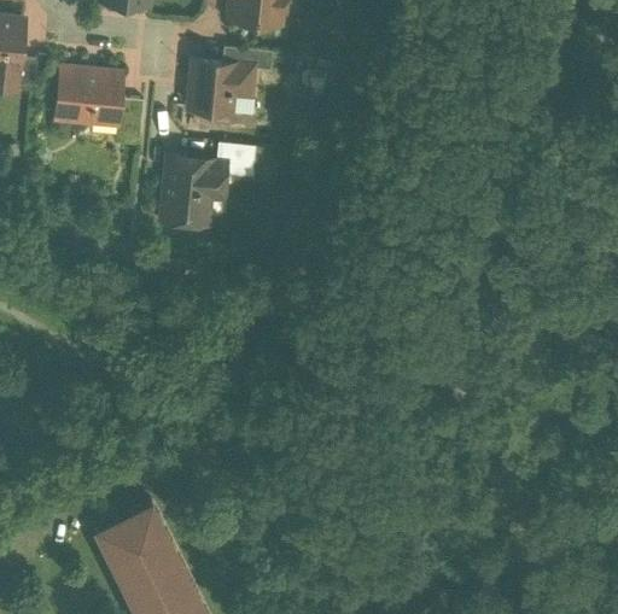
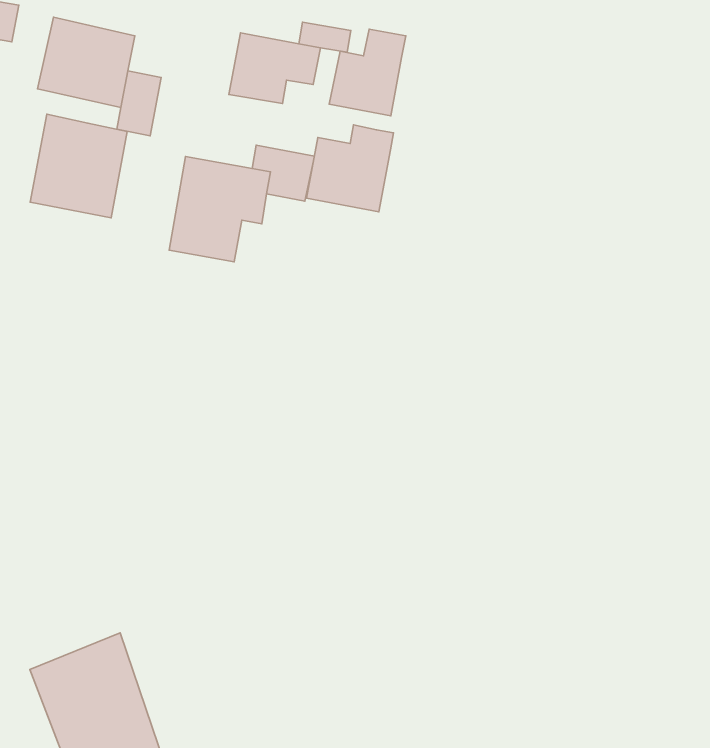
building: none -> [329,29,406,116]
building: none -> [307,125,393,212]
building: none -> [30,114,127,218]

